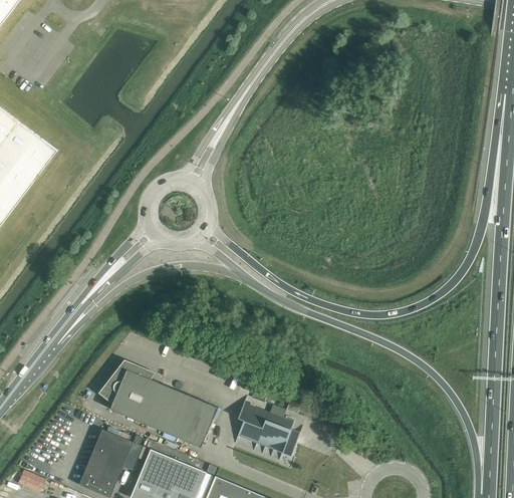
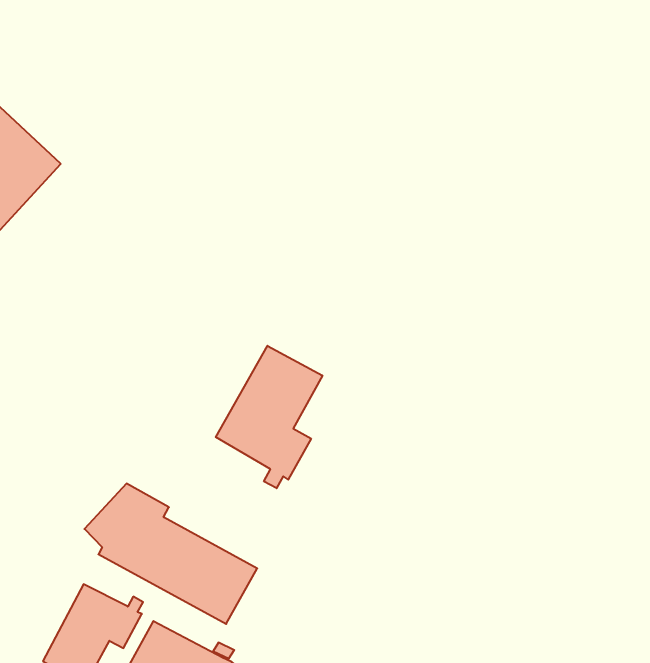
building: none -> [216,346,322,488]
building: [237,403,298,456] -> none

